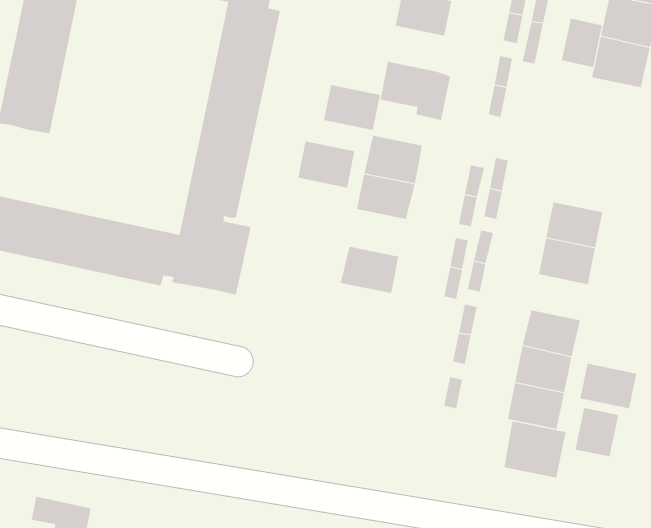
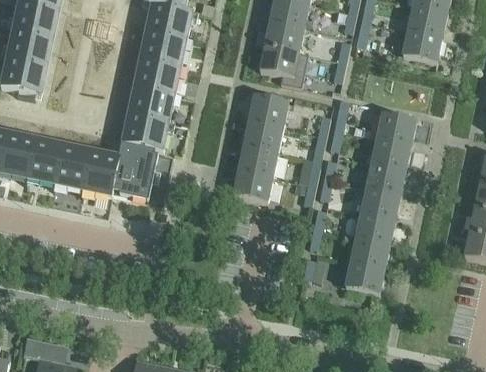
building: [561,18,603,68] -> none
building: [323,85,381,131] -> [264,20,303,51]
building: [298,141,355,188] -> [238,144,277,176]
building: none -> [376,112,416,146]
building: [580,363,637,409] -> [361,188,400,219]
building: [575,407,619,457] -> none
building: [504,420,566,478] -> none

